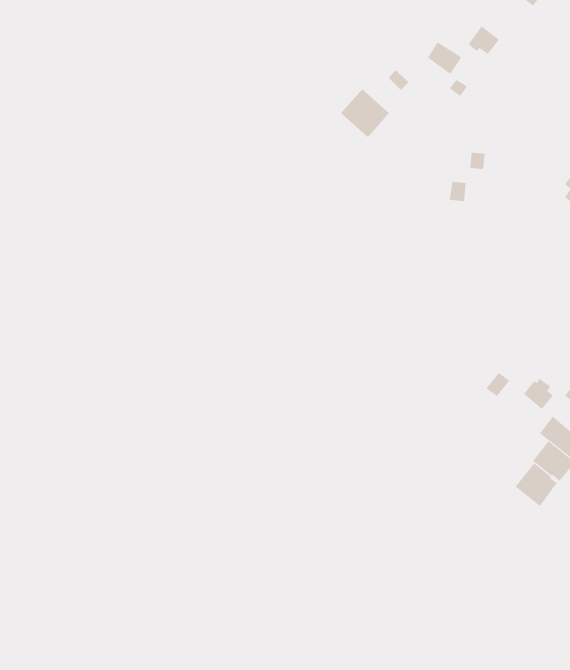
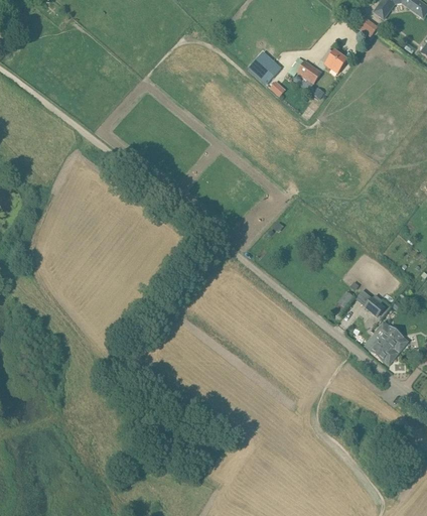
building: [340,88,390,138] -> [247,49,281,84]
building: [515,463,558,507] -> none

